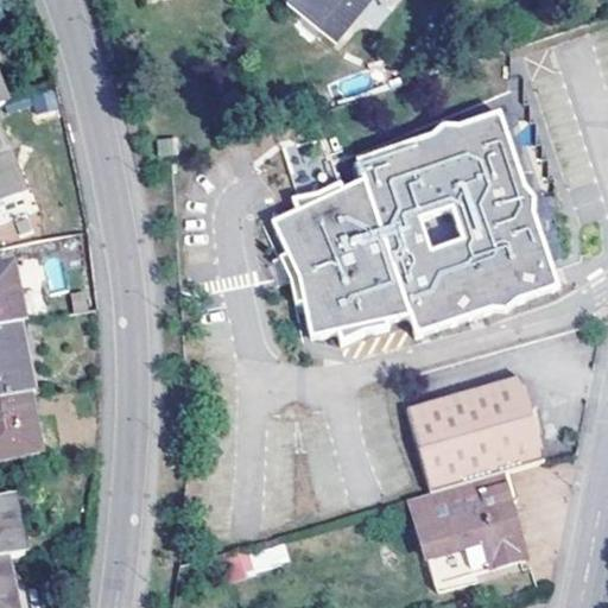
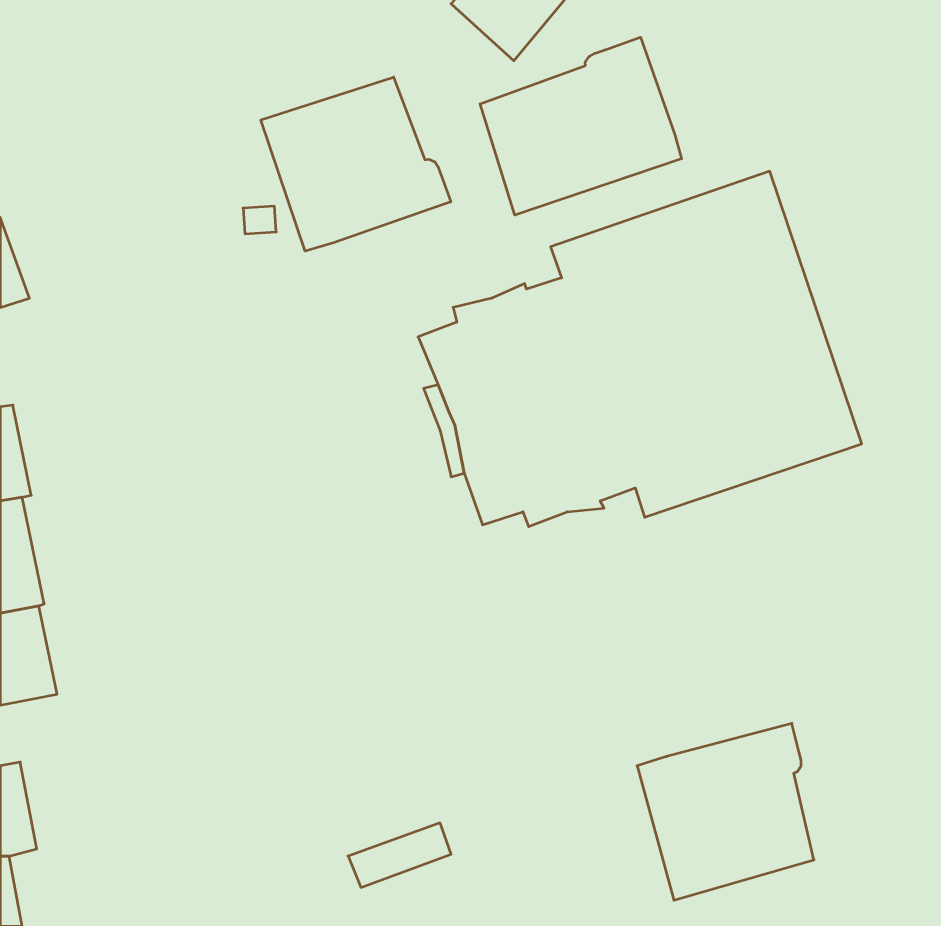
building: none -> [480,37,682,215]
building: none -> [261,77,451,251]
building: [405,370,542,488] -> none

